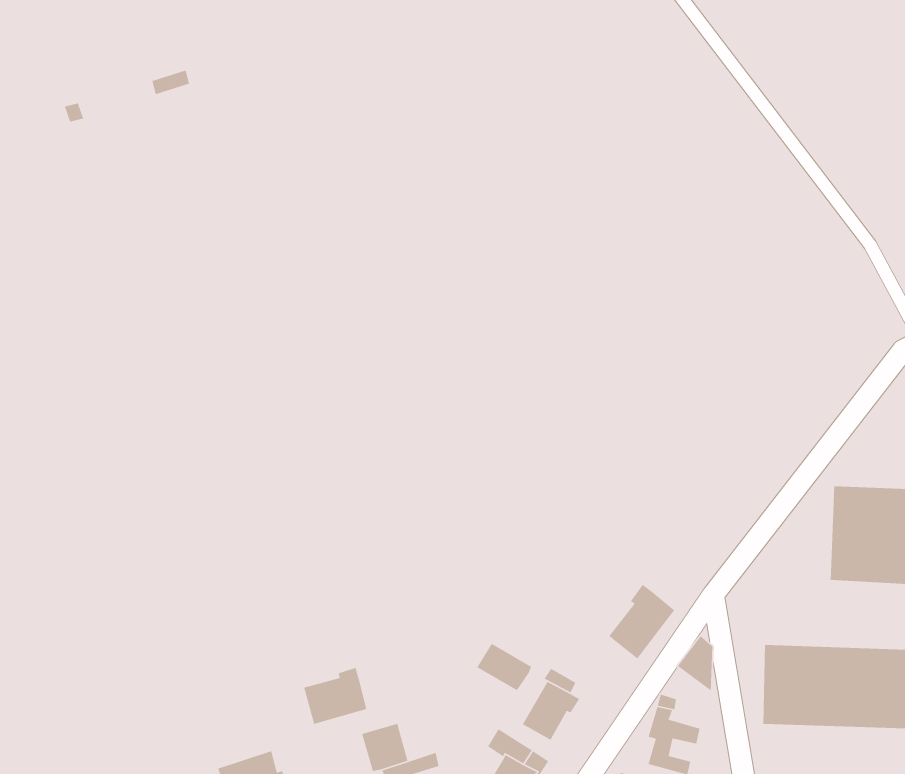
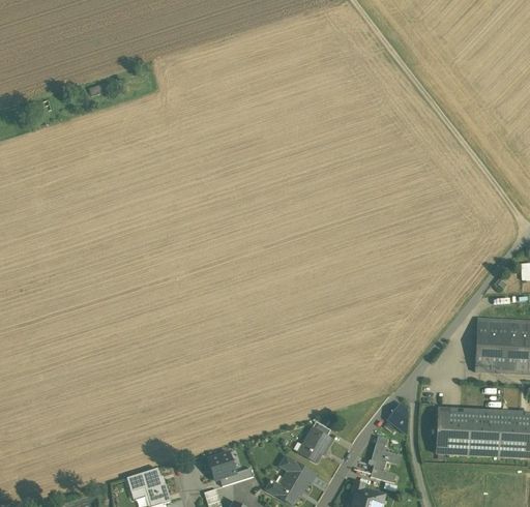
building: [608,584,675,659] -> none
building: [476,643,532,691] -> none
building: [303,667,367,725] -> none

